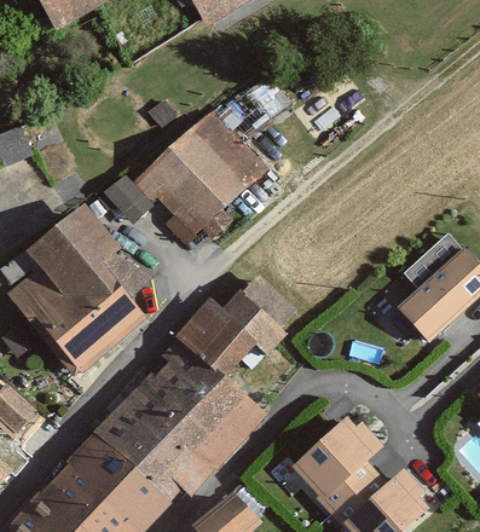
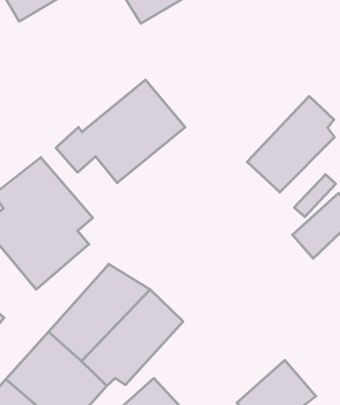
building: none -> [247,96,334,192]
building: [170,287,289,376] -> none
building: [281,405,391,511] -> none

